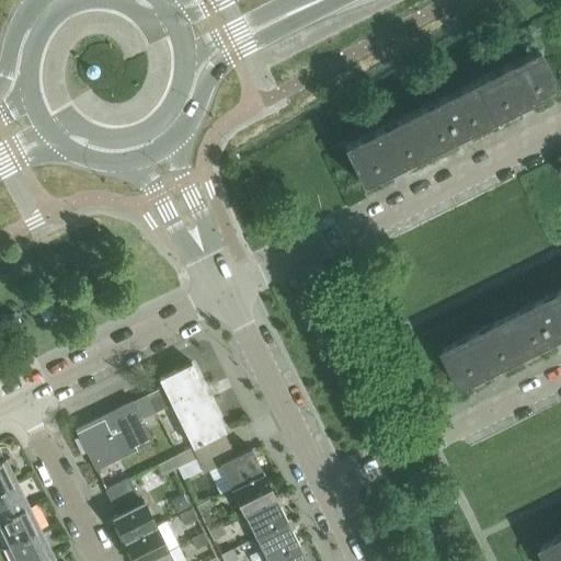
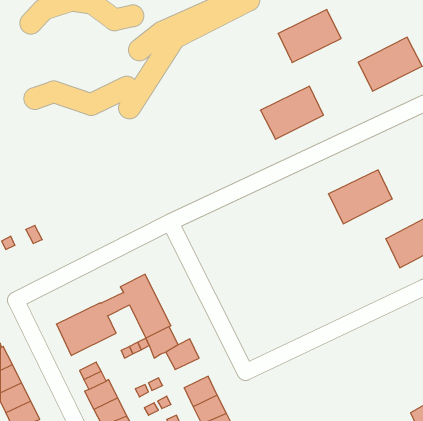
building: [410,85,493,156] -> [278,10,341,63]
building: [445,319,529,390] -> [328,170,392,224]
building: [232,477,276,516] -> none

